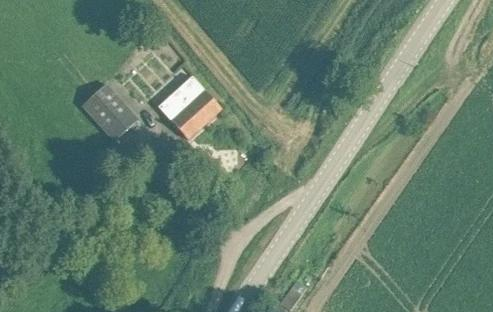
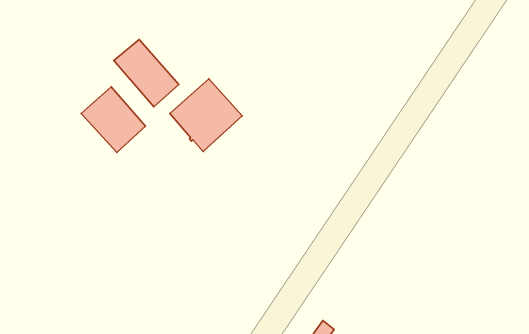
building: none -> [114,40,179,107]

